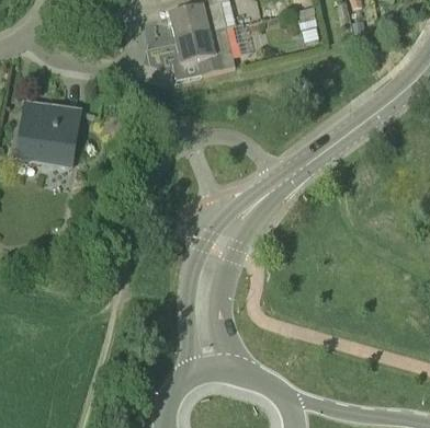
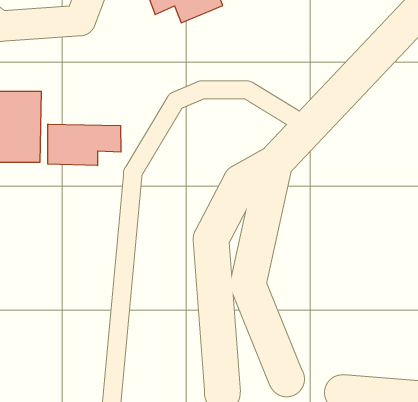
building: none -> [48,124,121,166]

